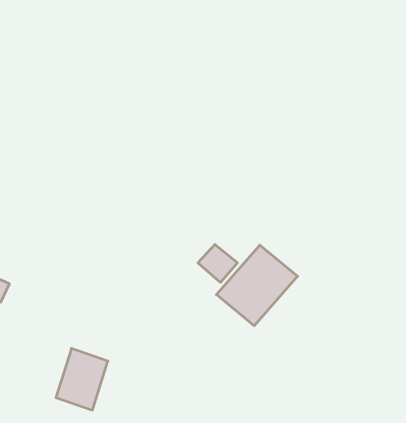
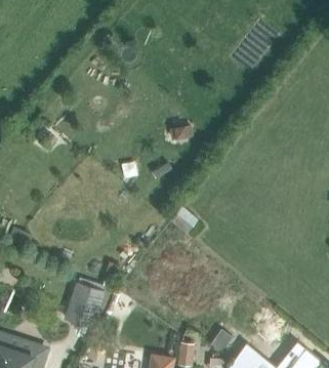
building: [216,245,298,326] -> none

